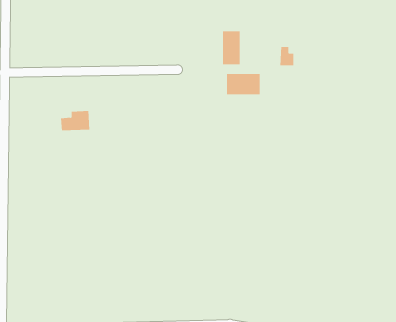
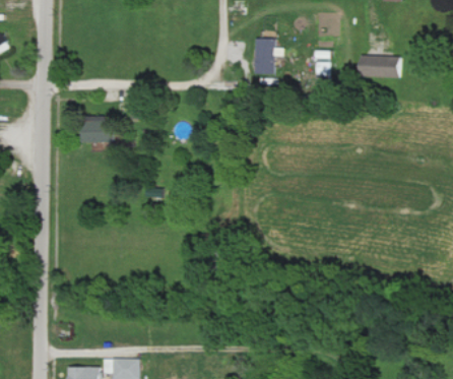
building: none -> [359,55,402,76]
building: [227,73,260,95] -> none

